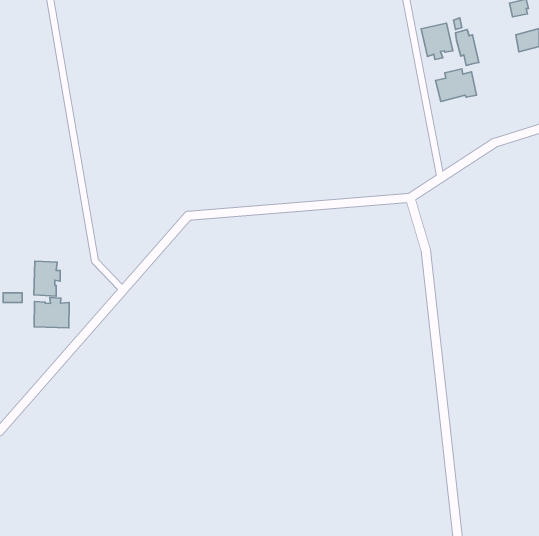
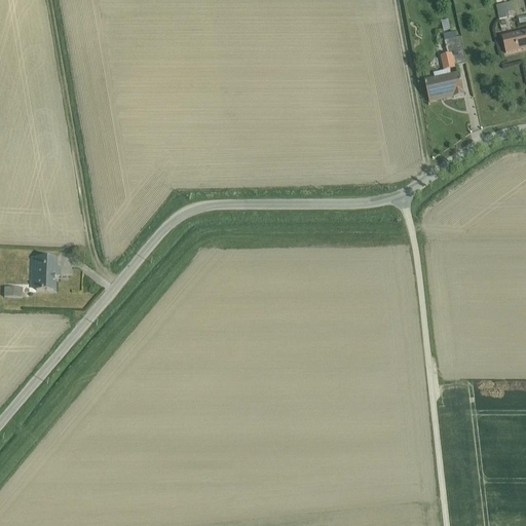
building: [421,23,453,59] -> none
building: [34,298,69,328] -> none

